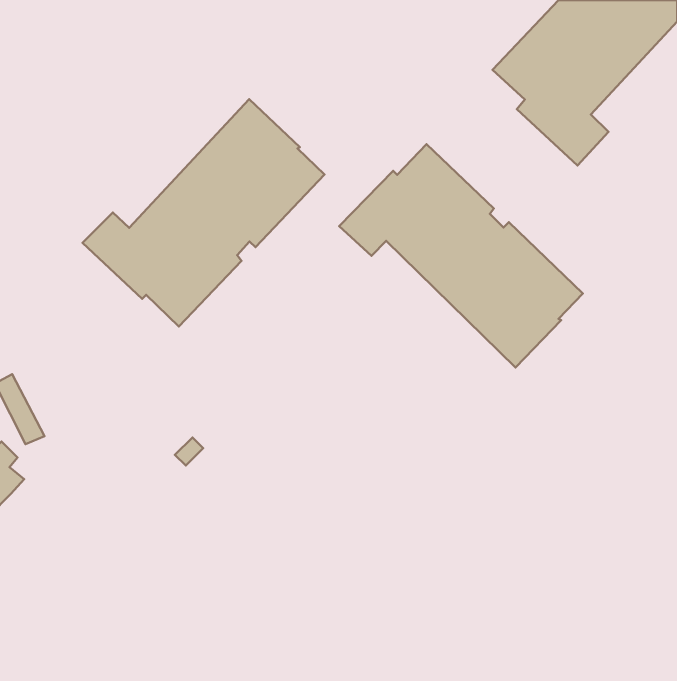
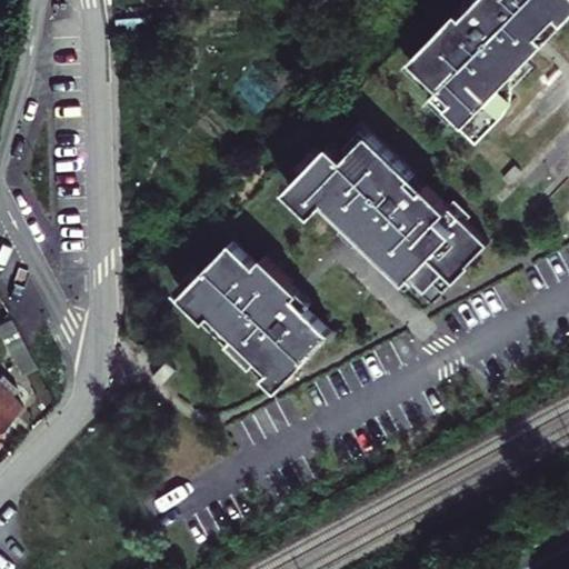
building: [83,99,324,326] -> none
building: none -> [173,244,326,388]

